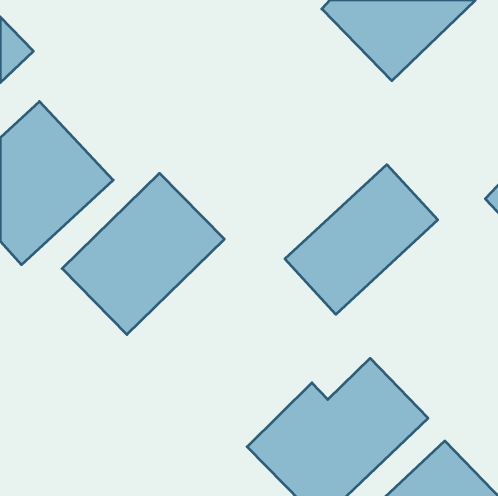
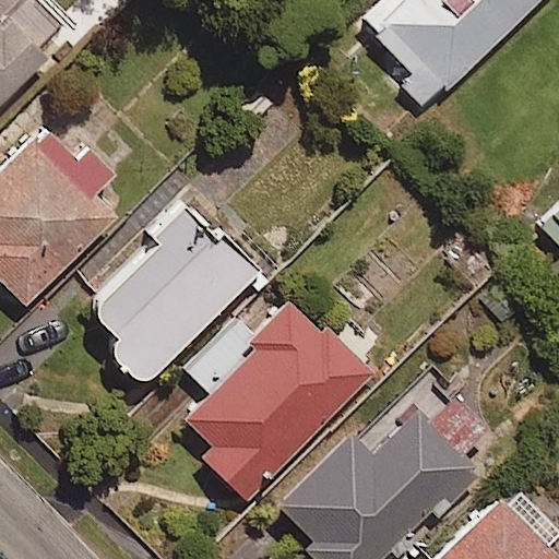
building: [285,165,438,314] -> none
building: none -> [175,299,374,509]

